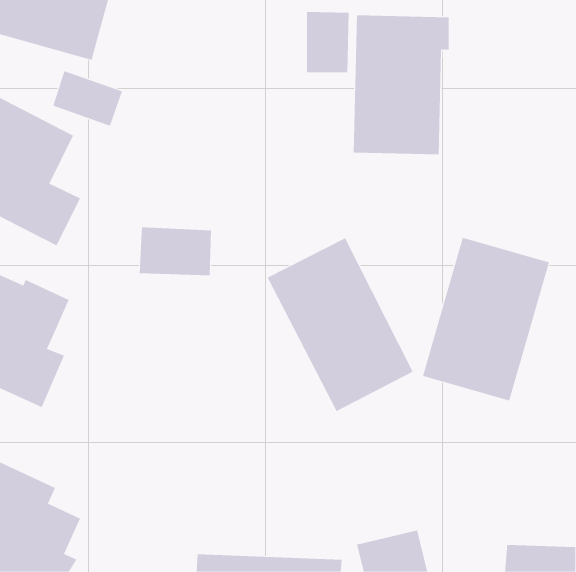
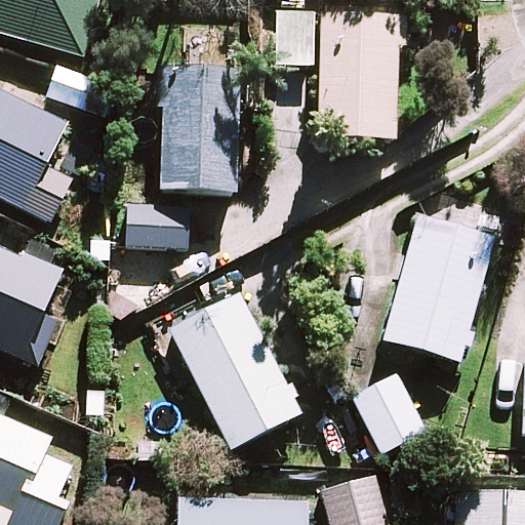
building: none -> [156,66,242,193]
building: [267,237,414,412] -> [169,291,301,448]
building: none -> [352,372,428,453]

